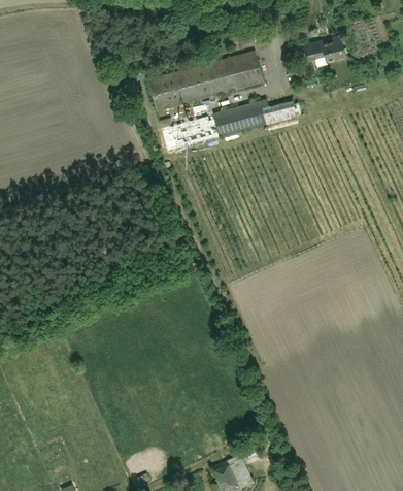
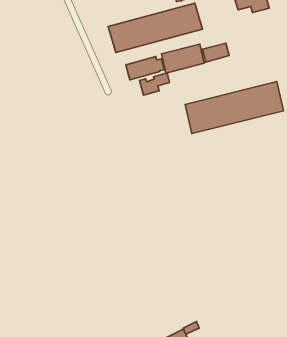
building: none -> [139,73,170,95]
building: none -> [185,82,283,134]

